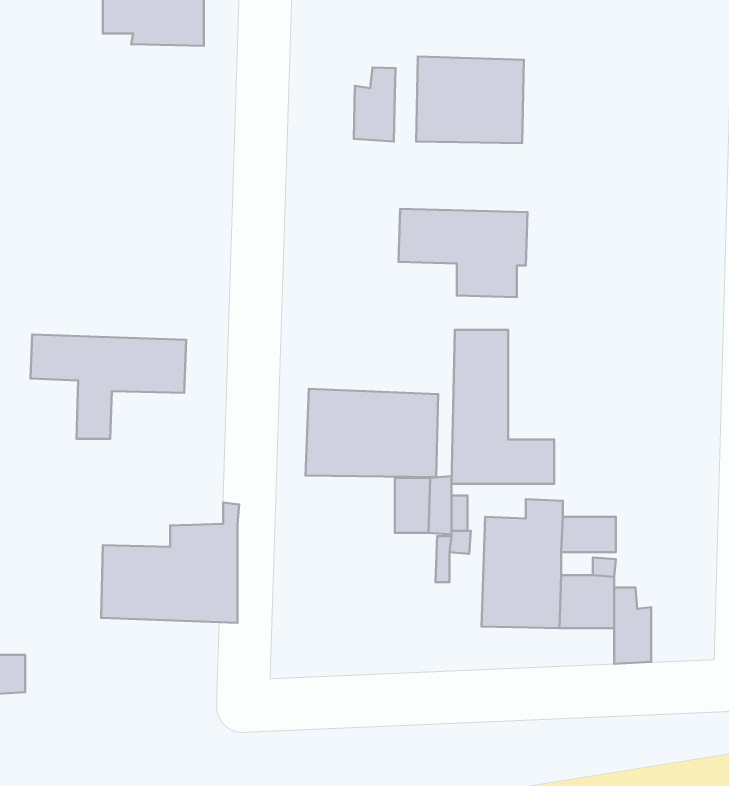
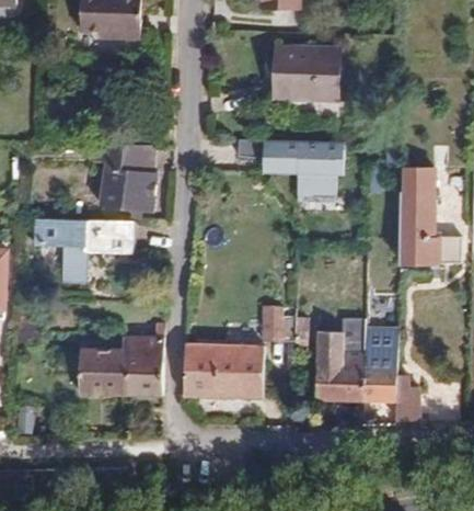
building: [354,68,395,142] -> none
building: none -> [89,141,157,213]
building: [451,330,554,484] -> [398,164,462,260]
building: [305,389,438,477] -> [183,343,265,398]

